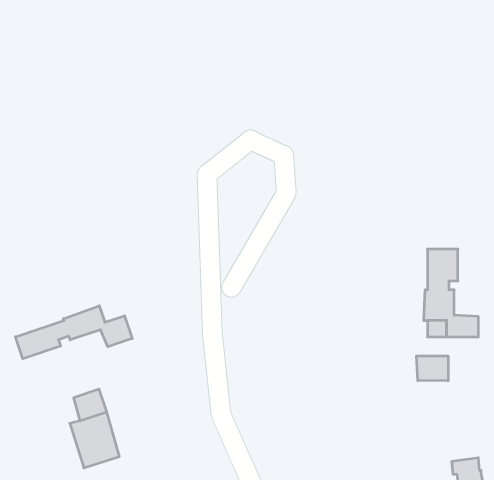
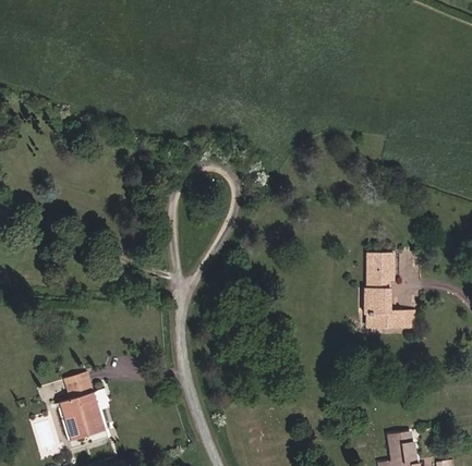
building: [15,306,132,359] -> none
building: [416,356,448,381] -> none

